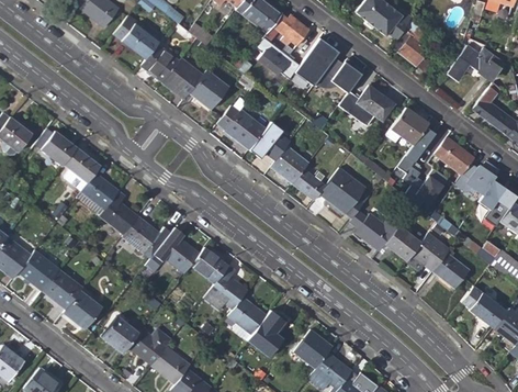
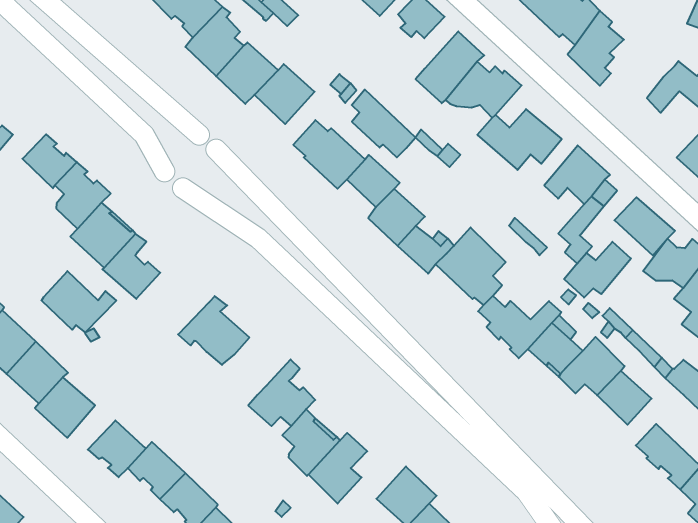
building: [257,36,301,79] -> [352,90,415,157]
building: [123,215,172,255] -> [41,271,116,333]
building: [192,247,229,283] -> none

